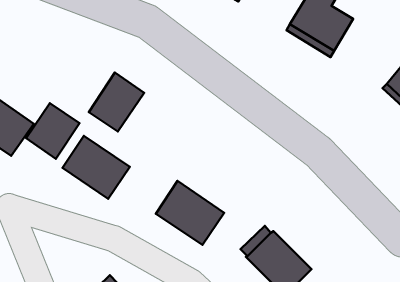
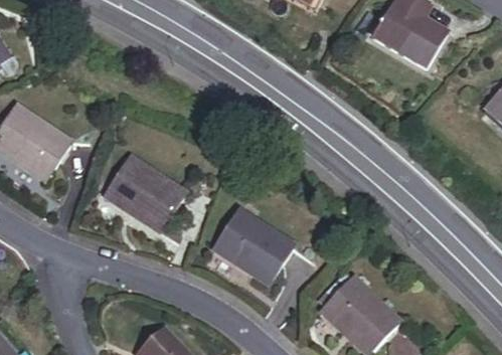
building: [89,73,144,131] -> none
building: [26,103,79,159] -> none

